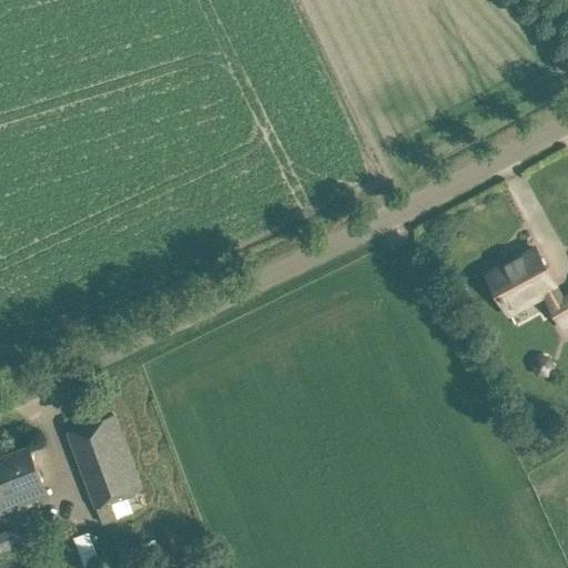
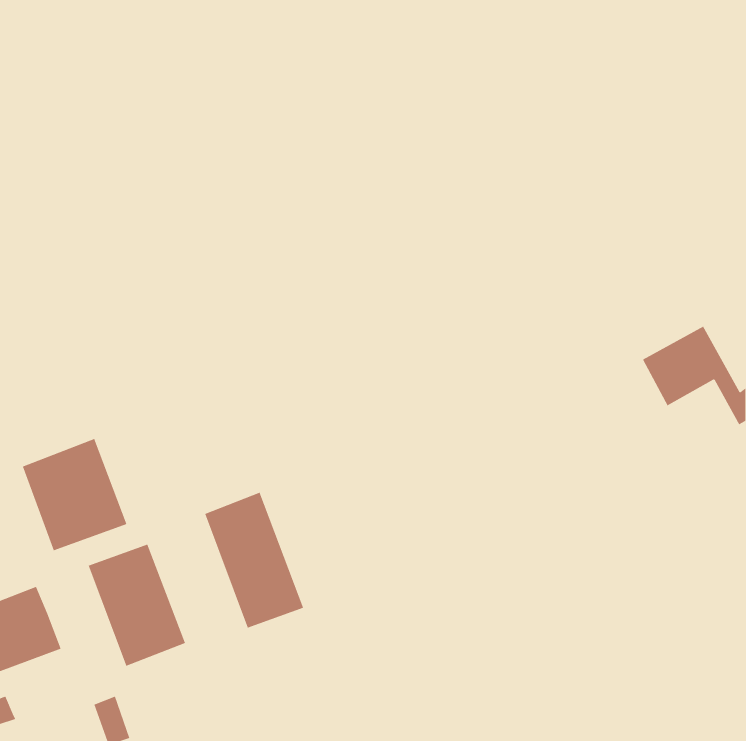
building: none -> [22,438,127,551]
building: none -> [205,492,304,628]

